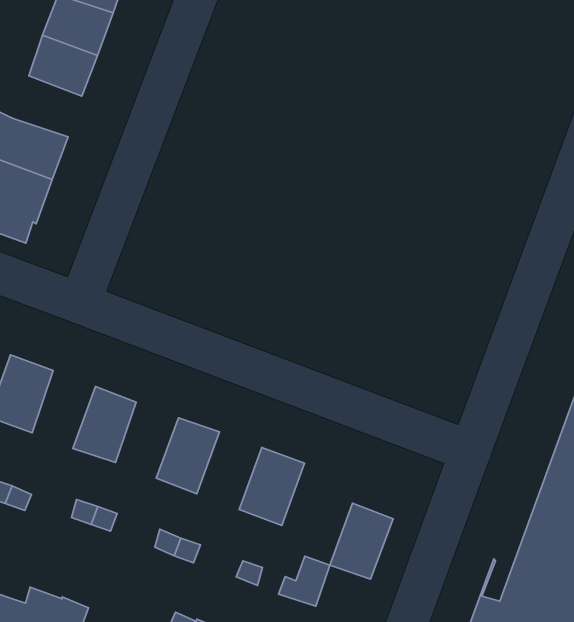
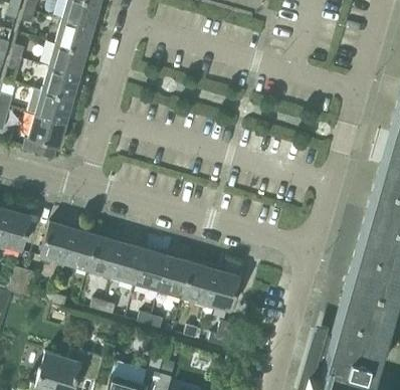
building: none -> [42,67,79,100]
building: none -> [65,229,98,271]
building: none -> [113,243,146,284]
building: none -> [159,256,193,299]
building: [330,503,393,579] -> [207,270,240,312]

